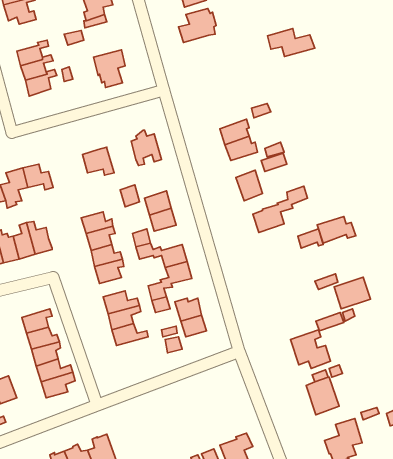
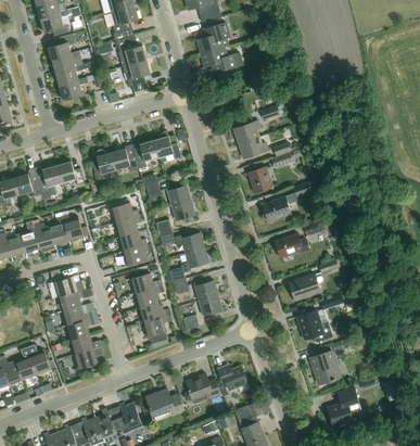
building: none -> [49,34,77,61]
building: [267,29,315,57] -> [202,47,244,72]
building: none -> [117,41,147,66]
building: none -> [133,141,160,171]
building: none -> [92,149,116,181]
building: [317,216,356,243] -> [276,234,310,258]
building: [334,277,370,309] -> [289,273,321,302]
building: none -> [54,271,91,298]
building: none -> [142,316,173,345]
building: none -> [217,365,249,392]
building: none -> [187,374,221,399]
building: none -> [147,390,184,416]

